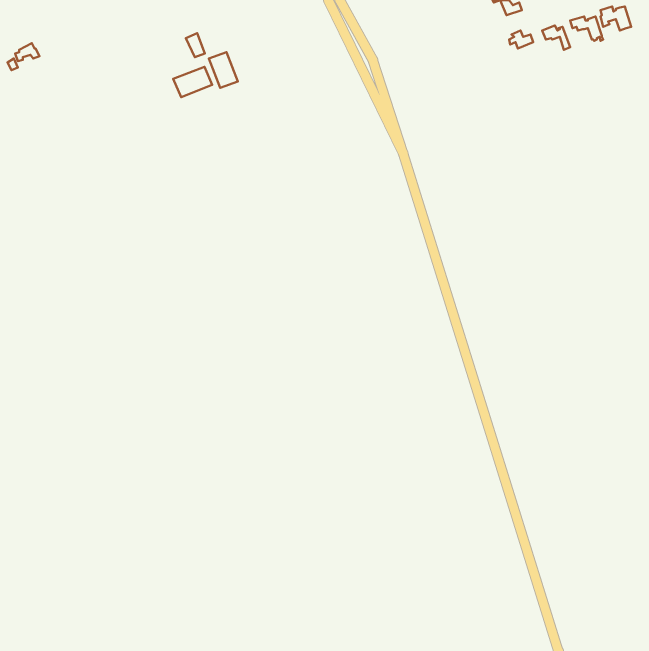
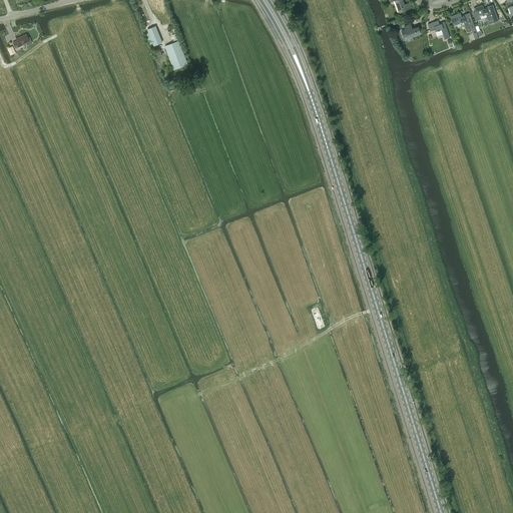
building: [173,67,212,97] -> none

